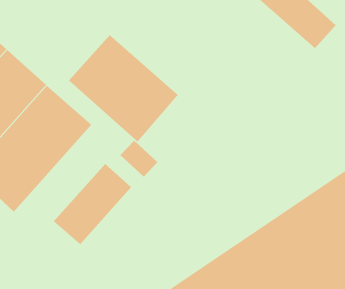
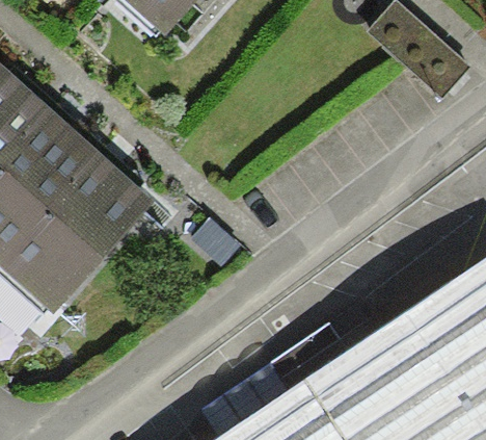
building: [68,34,179,142] -> none
building: [53,163,132,245] -> none

